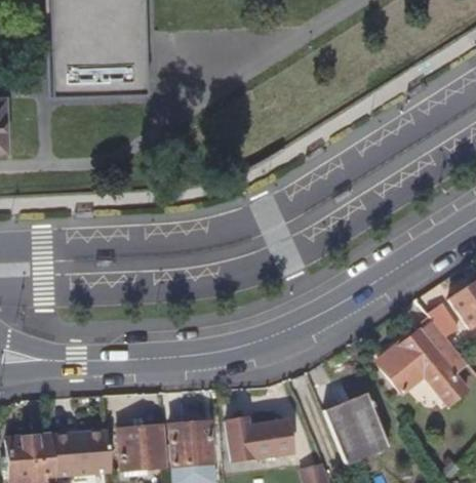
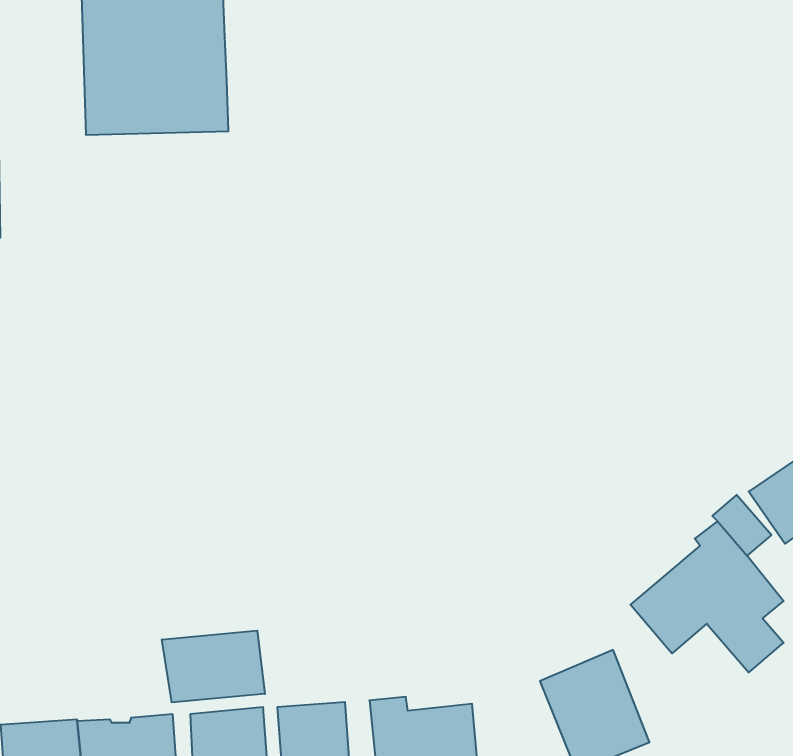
building: none -> [162,631,265,702]

